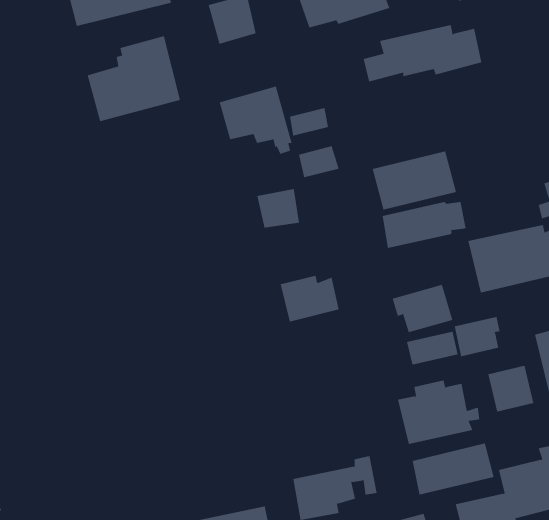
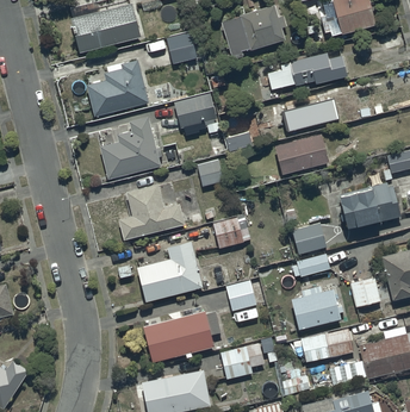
building: none -> [99,117,164,179]
building: [382,202,467,248] -> [286,101,342,132]
building: none -> [118,183,185,239]
building: none -> [136,241,203,301]
building: [454,316,500,357] -> none
building: none -> [225,280,257,311]
building: none -> [143,310,222,362]

